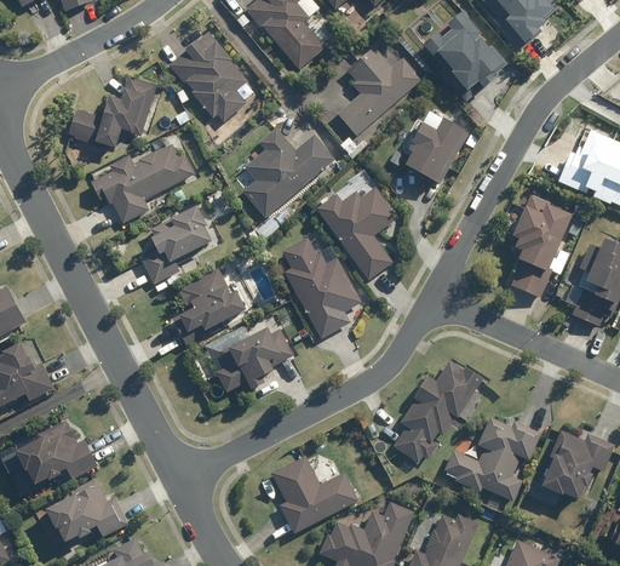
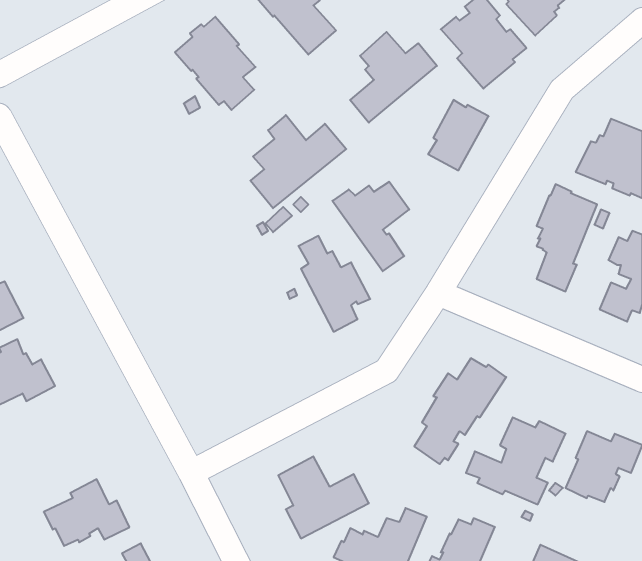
building: [67,76,155,149] -> none
building: [90,145,194,223] -> none
building: [139,206,209,285] -> none
building: [171,268,243,345] -> none
building: [216,327,292,393] -> none
building: [12,421,94,484] -> none

